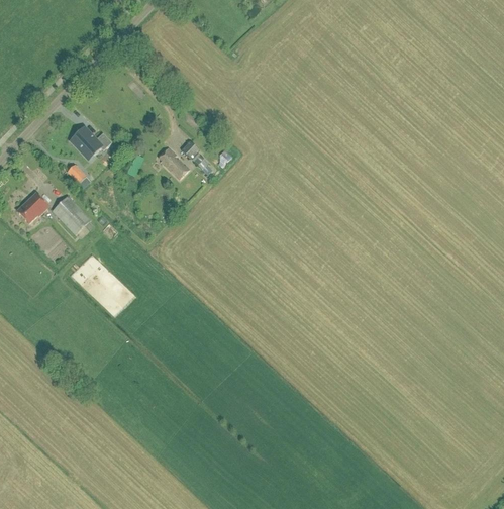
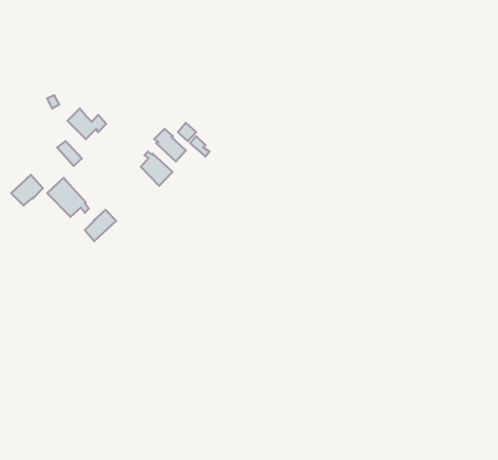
building: none -> [141,152,172,186]
building: none -> [85,210,116,241]

